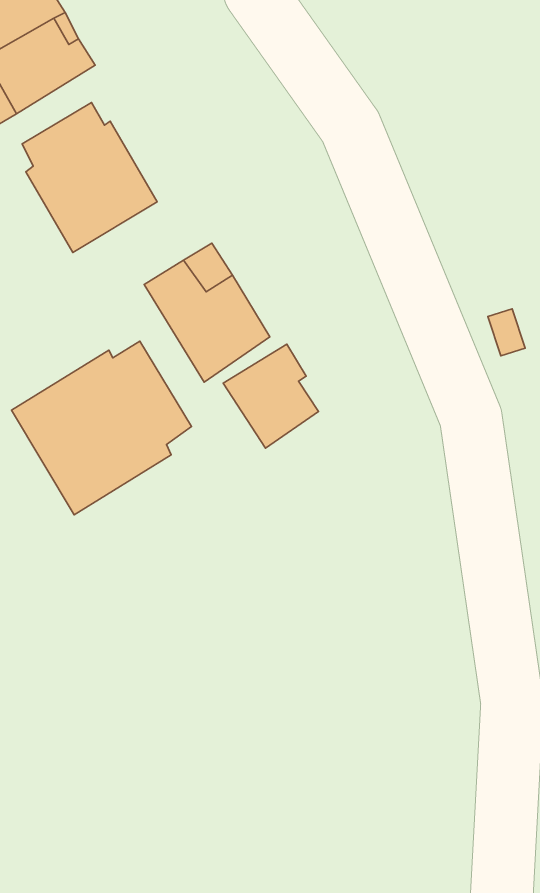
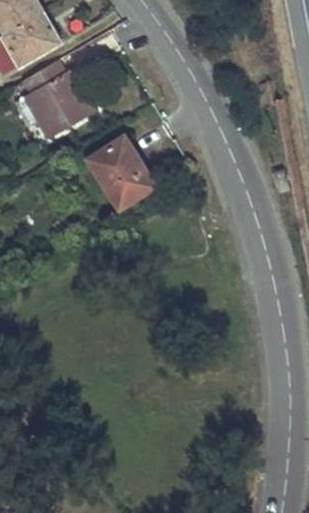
building: [12,341,192,515] -> none
building: [223,344,318,448] -> none

